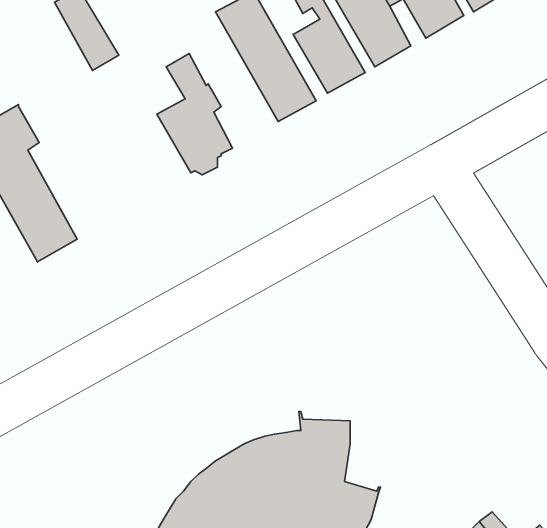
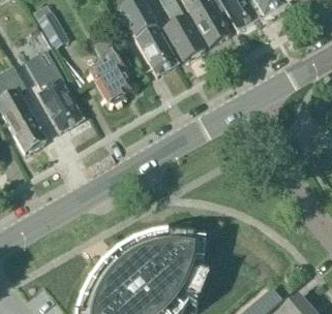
building: none -> [24,48,80,130]

